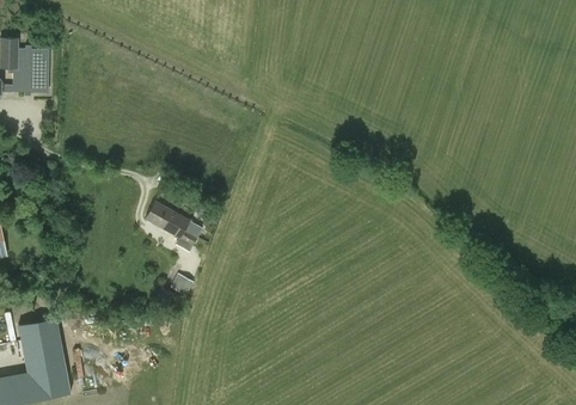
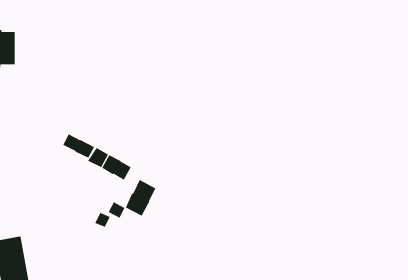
building: none -> [62,134,95,159]
building: none -> [125,179,156,217]

